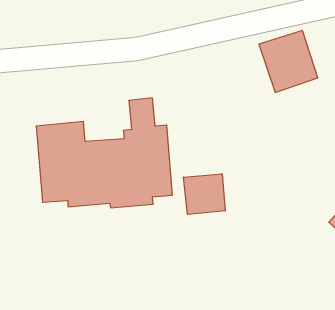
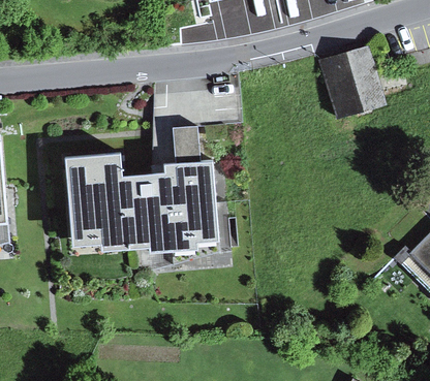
building: [183,174,225,214] -> none

